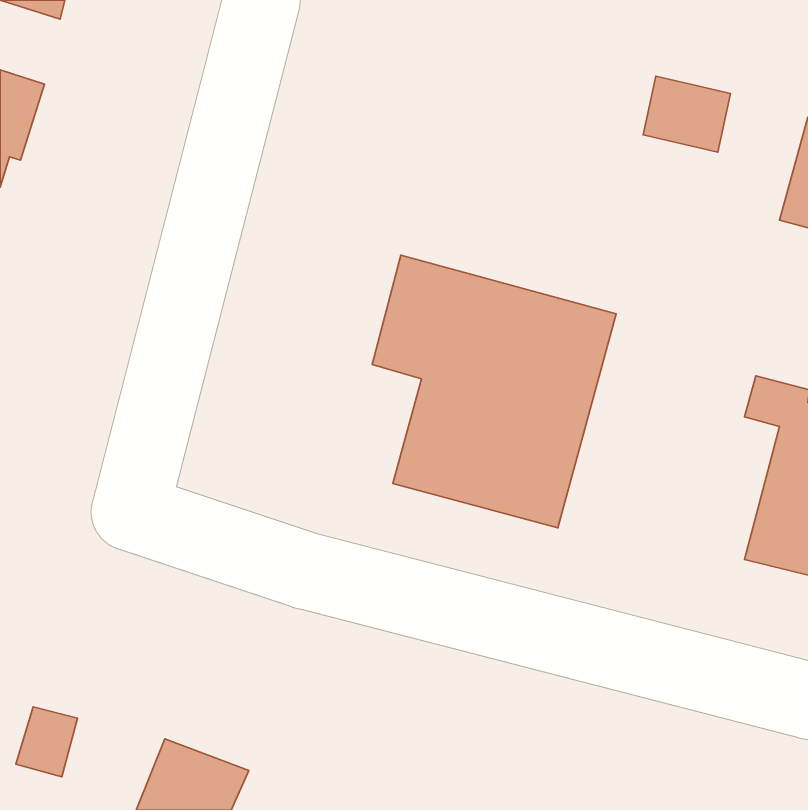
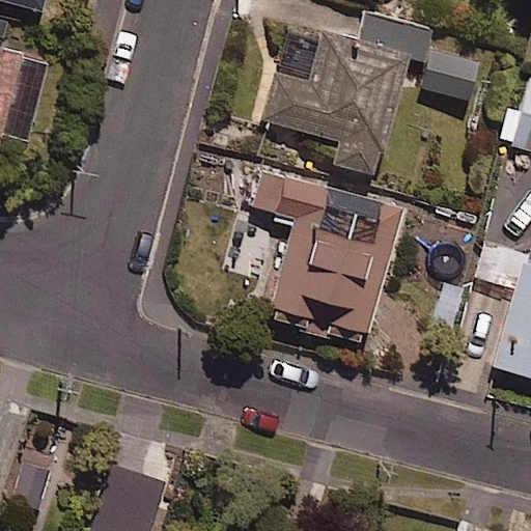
building: none -> [261,9,424,176]

